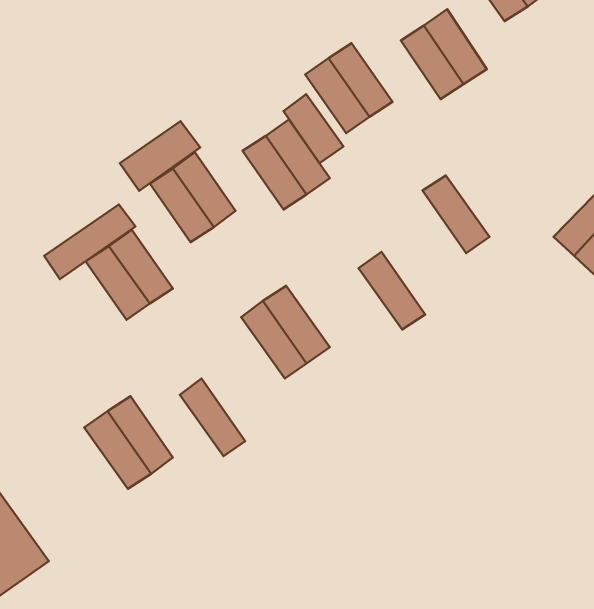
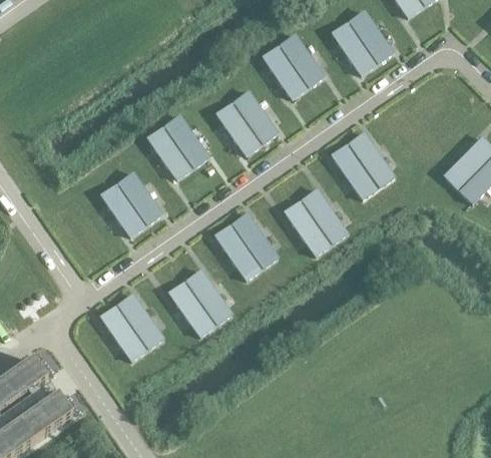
building: [283,94,344,163] -> none
building: [120,121,200,191] -> none
building: none -> [331,142,379,199]
building: [44,205,136,279] -> none
building: none -> [284,199,332,257]
building: none -> [184,269,233,327]

